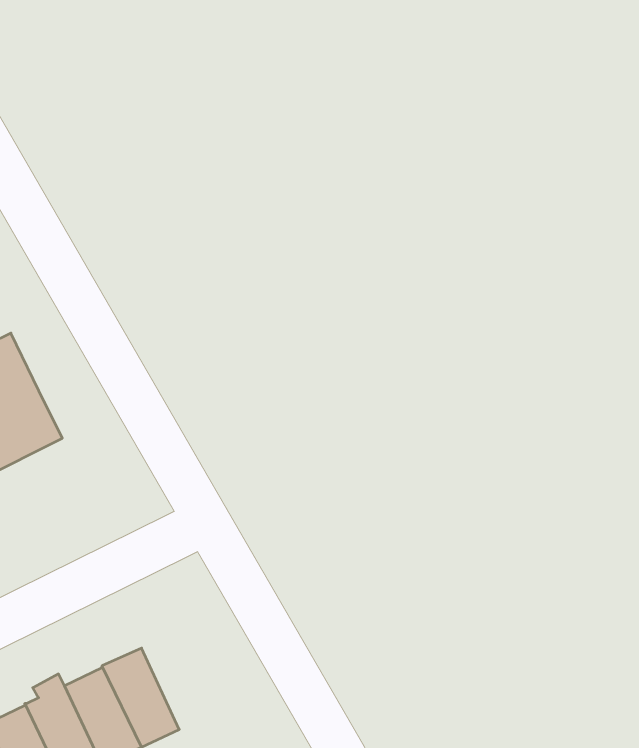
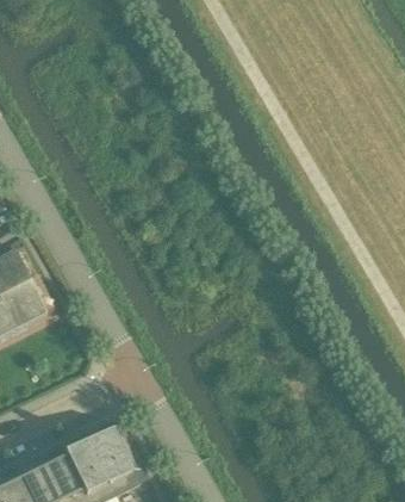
building: none -> [92,422,141,488]

